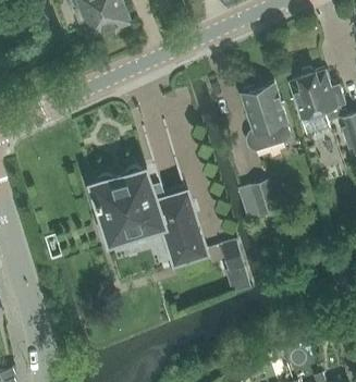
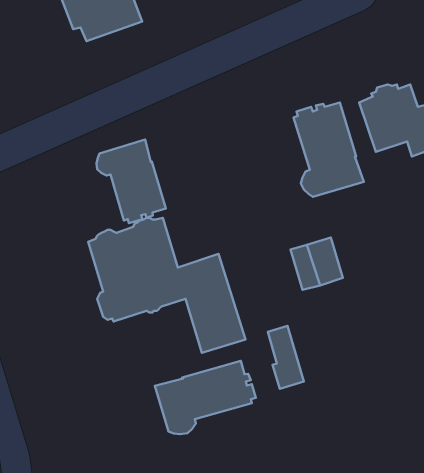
building: none -> [96,139,166,223]
building: none -> [155,361,256,434]

